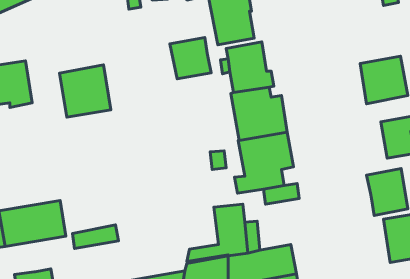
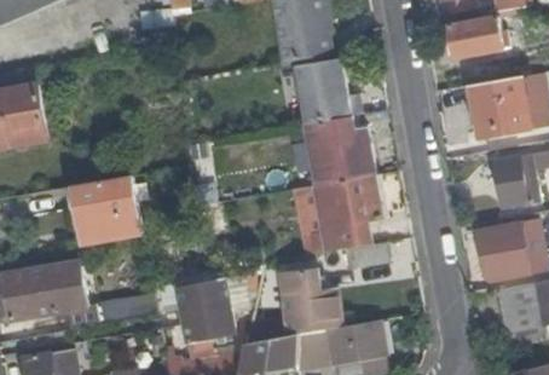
building: none -> [450,18,503,58]
building: [170,37,211,79] -> none
building: [59,65,111,117] -> [75,175,141,243]
building: none -> [174,278,227,344]

